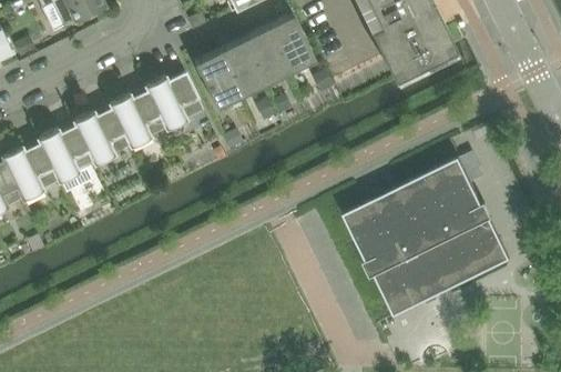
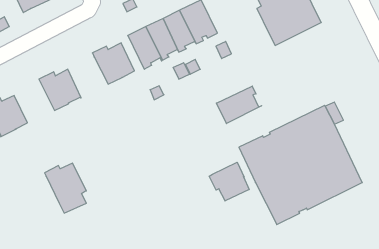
building: [110,92,166,147] -> none
building: [38,127,94,194] -> [45,163,86,213]
building: none -> [216,86,262,124]
building: none -> [209,162,249,201]

